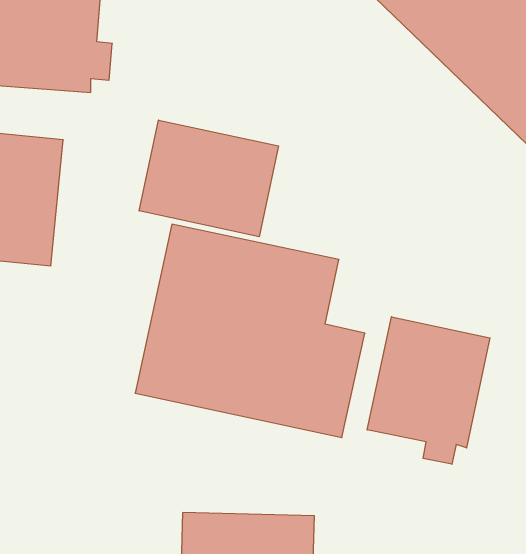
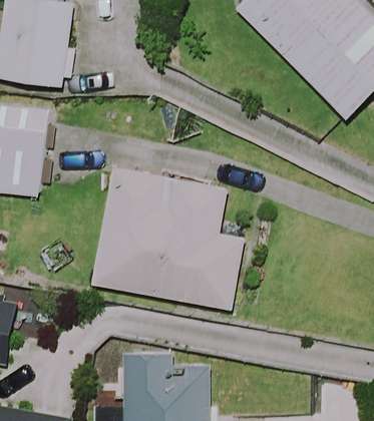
building: [139,120,278,237] -> none
building: [367,317,490,464] -> none

